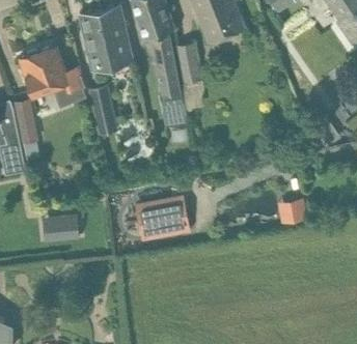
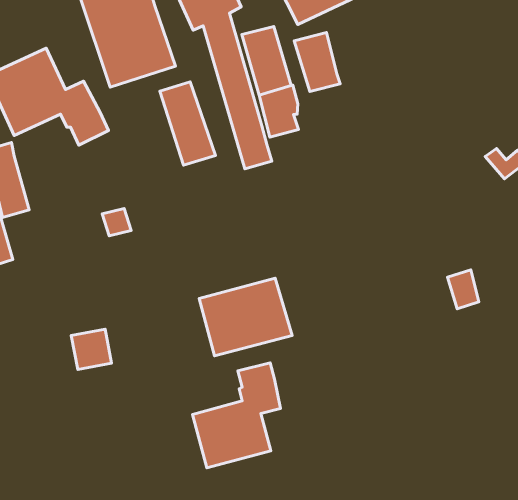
building: none -> [294,33,340,92]
building: [88,87,118,137] -> [160,82,215,165]
building: none -> [192,363,280,468]

